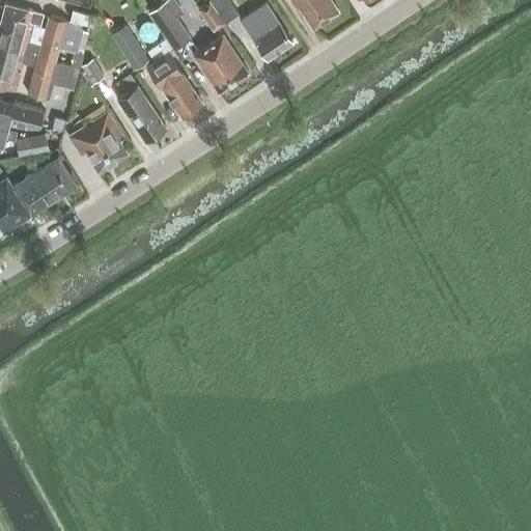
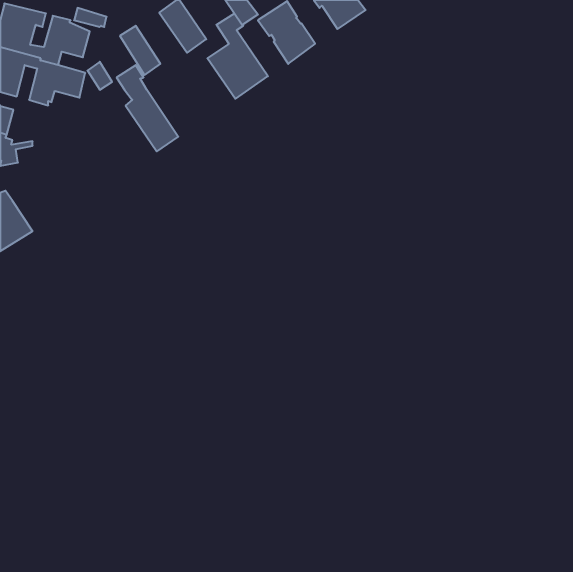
building: [146,52,201,117] -> none
building: [8,103,41,128] -> none
building: [68,112,127,172] -> none
building: [15,134,48,157] -> none
building: [11,158,76,215] -> none

